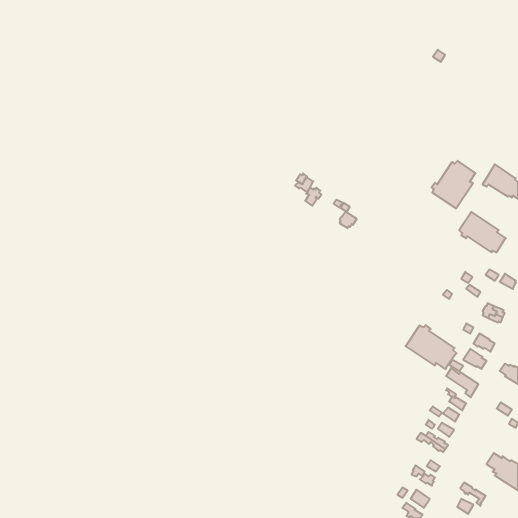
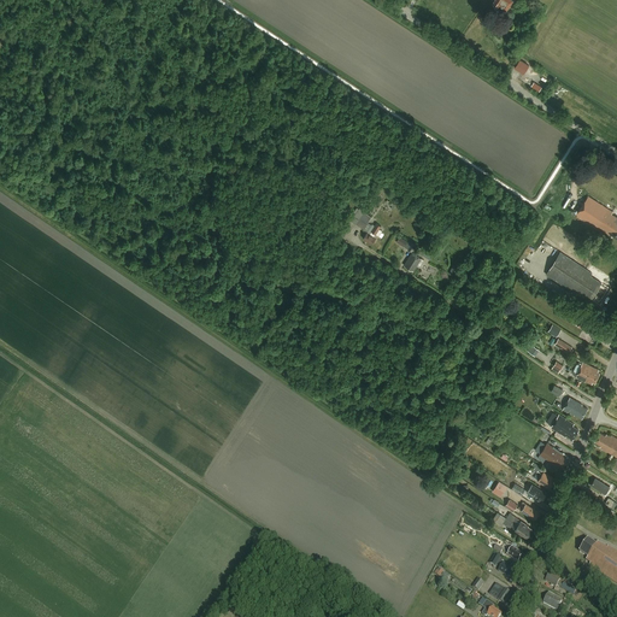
building: [432,161,475,209] -> none
building: [406,325,457,369] -> none

